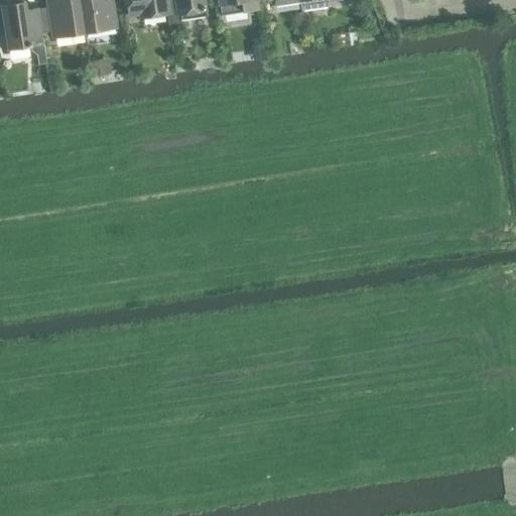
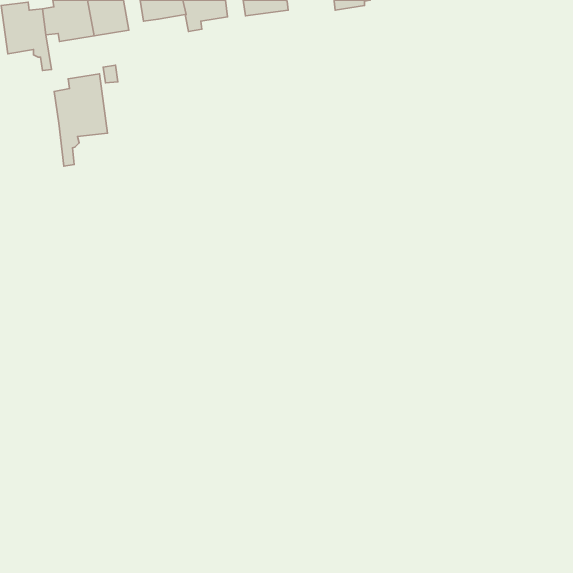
building: none -> [54,74,108,166]

